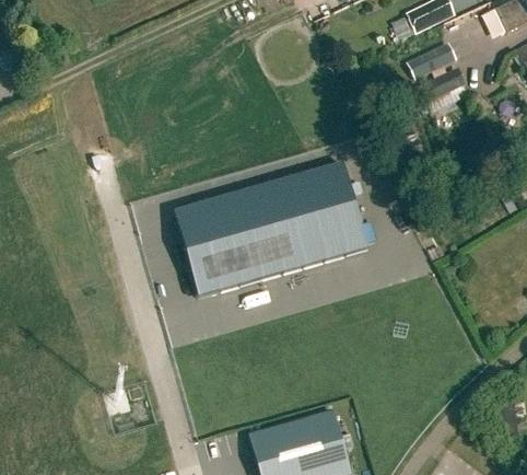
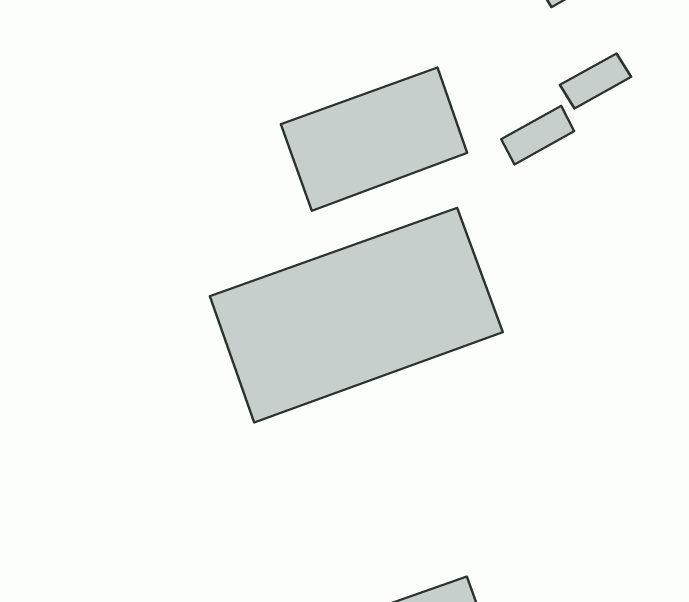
building: [408,40,457,78] -> [501,106,574,164]
building: none -> [281,68,467,211]

